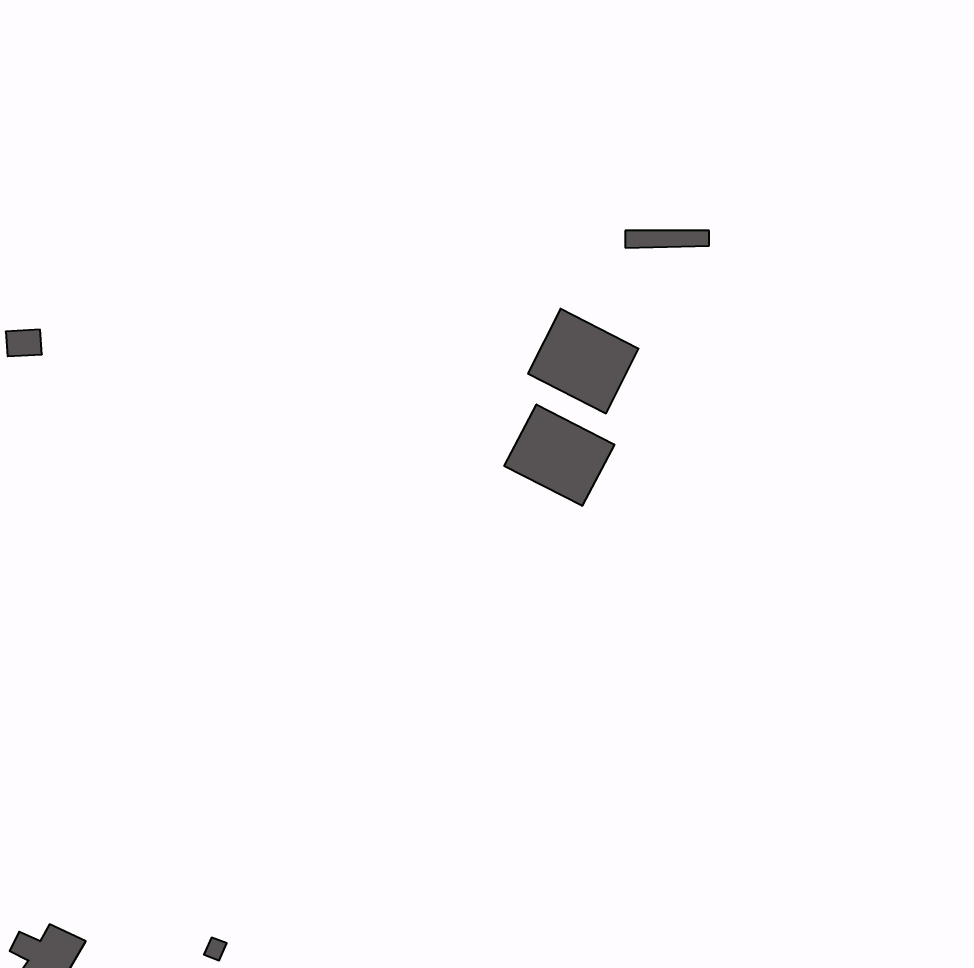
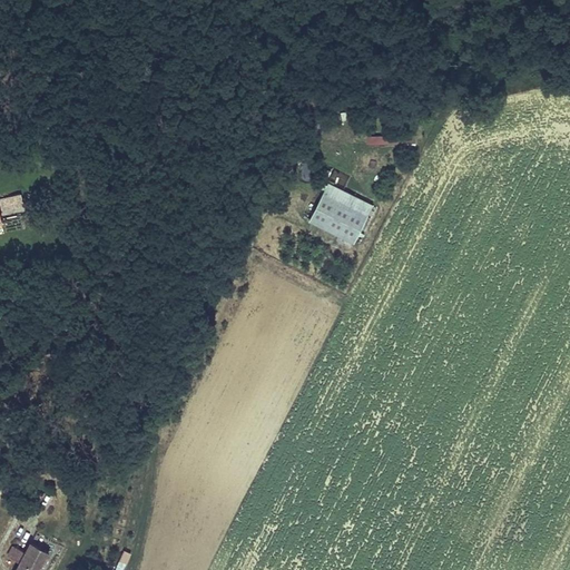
building: [504,404,614,506] -> none

